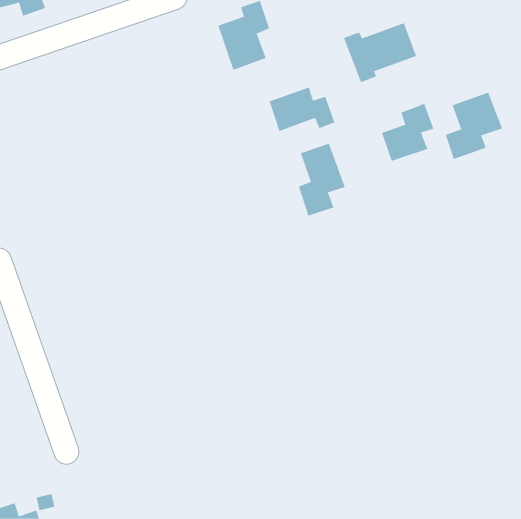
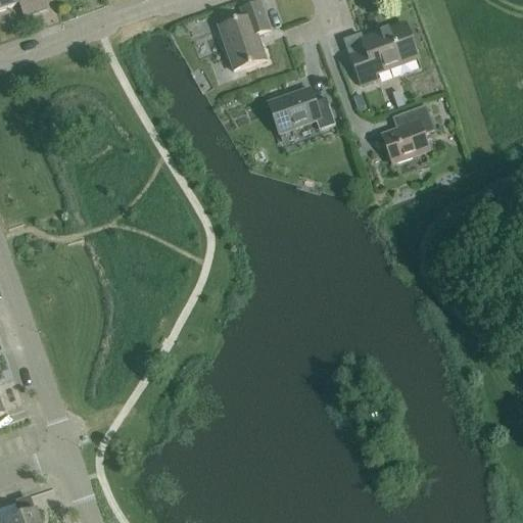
building: [445,92,503,160] -> none
building: [298,143,345,217] -> none

